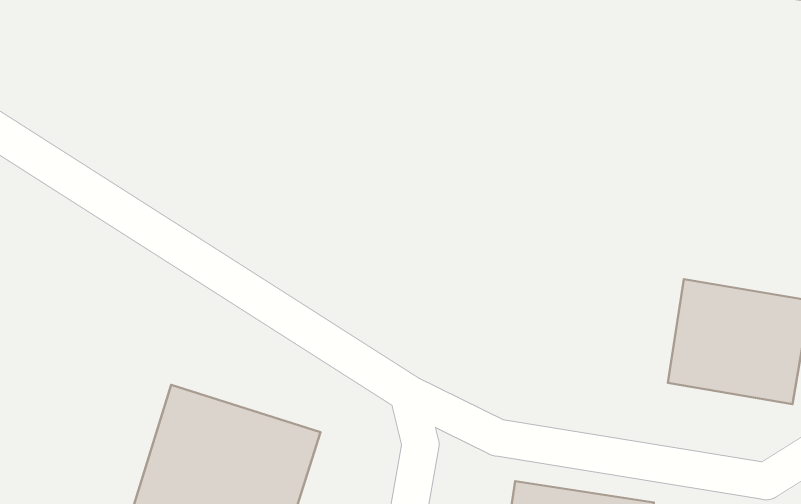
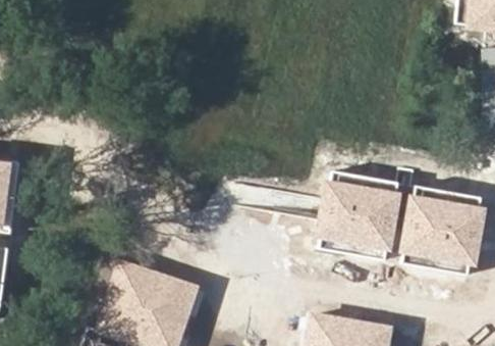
building: none -> [317,180,399,252]

